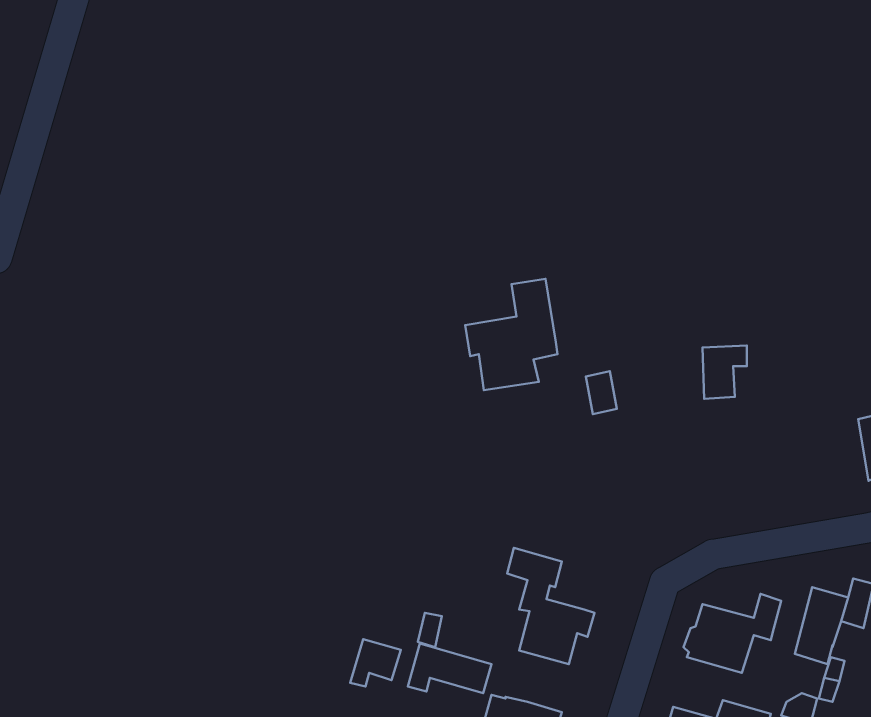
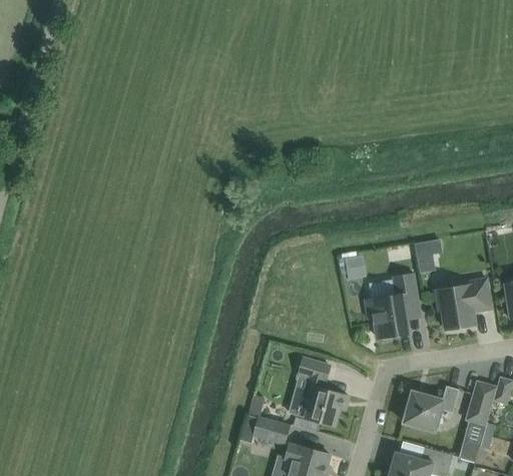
building: [465,279,558,390] -> [367,273,421,338]
building: none -> [436,278,492,329]
building: [350,639,401,686] -> none

